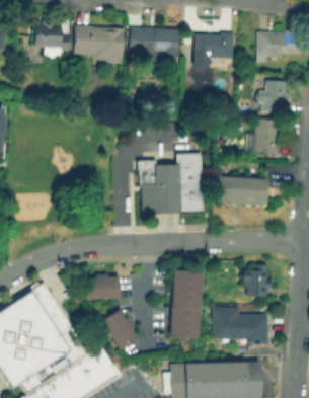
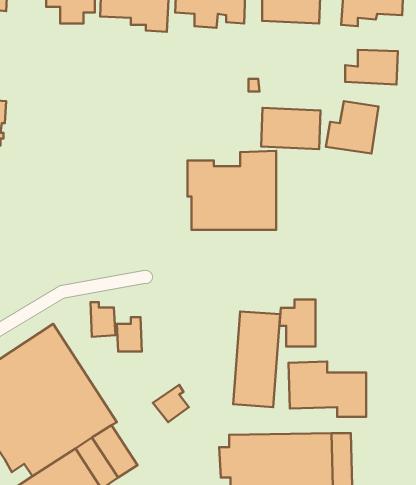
building: [218,175,261,206] -> [261,108,321,149]
building: [242,264,268,299] -> [279,300,315,347]
building: [103,274,122,300] -> [90,302,115,337]
building: [102,311,132,337] -> none
building: [82,342,120,383] -> none

